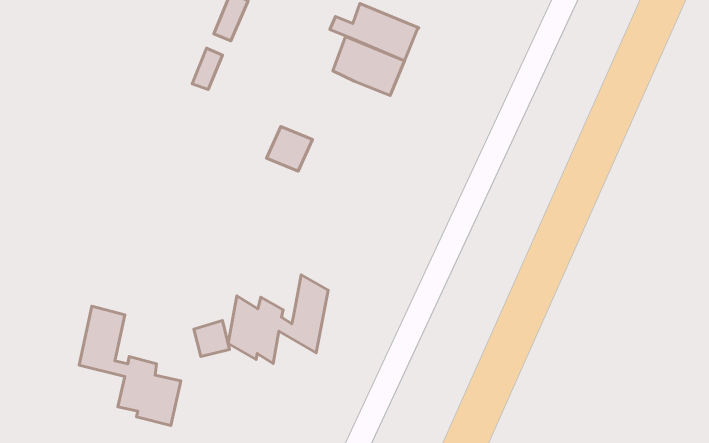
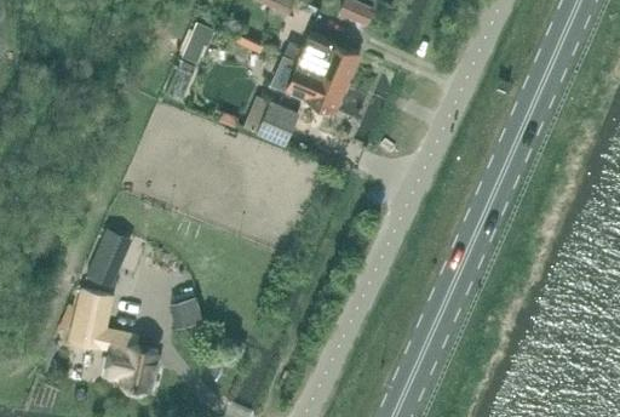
building: [267,127,312,171] -> [258,104,297,142]
building: none -> [88,225,124,285]
building: [228,275,328,363] -> none

